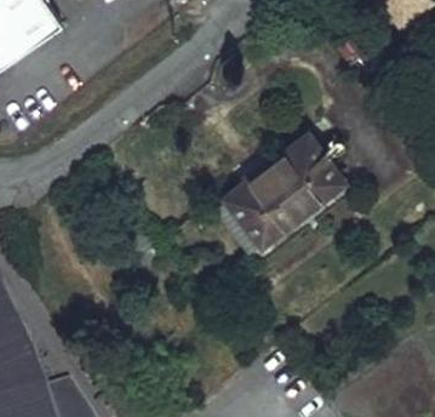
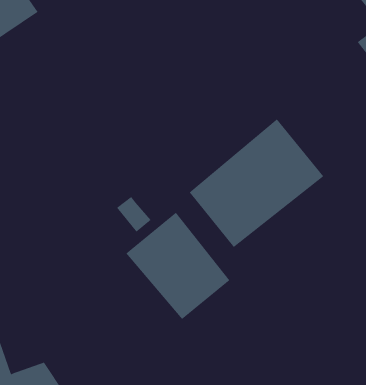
building: none -> [126,212,230,320]

